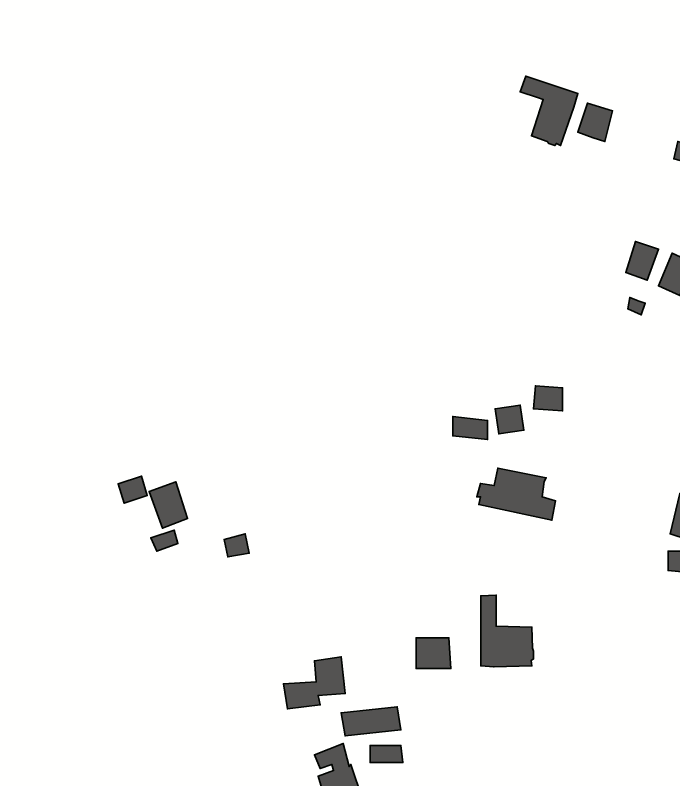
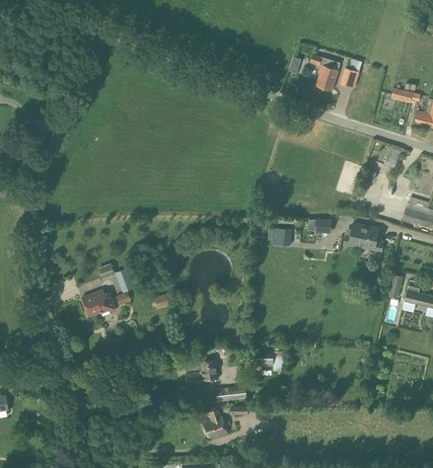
building: [477,468,556,520] -> [343,225,384,252]
building: none -> [81,290,115,316]
building: [481,595,534,667] -> none

